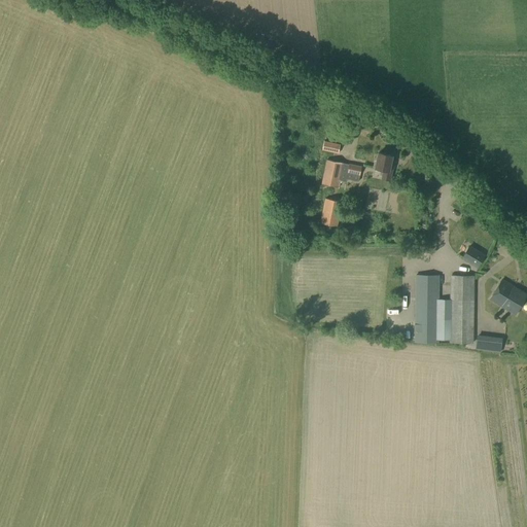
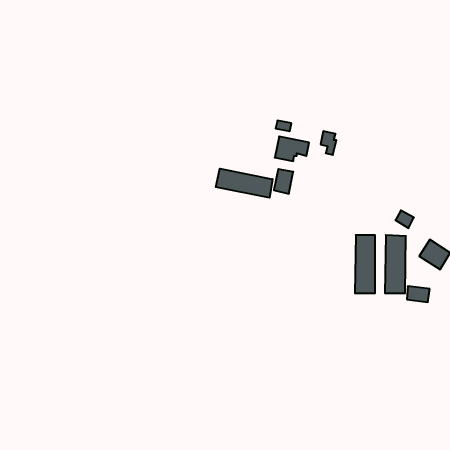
building: none -> [216,169,273,198]

